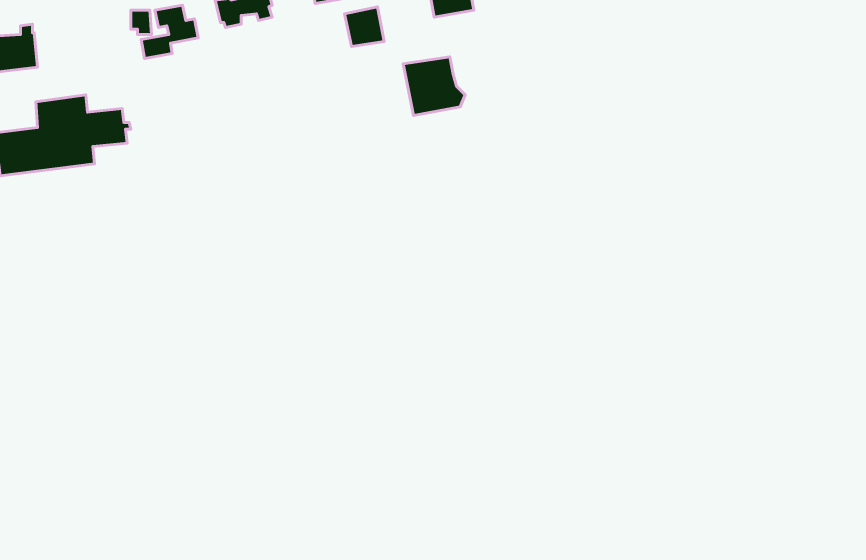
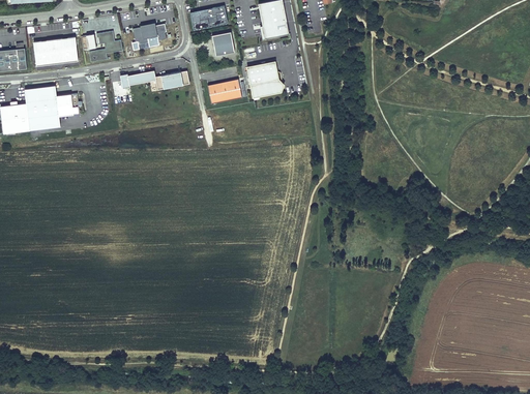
building: none -> [33,36,78,65]
building: none -> [120,70,189,89]
building: none -> [206,79,241,103]

